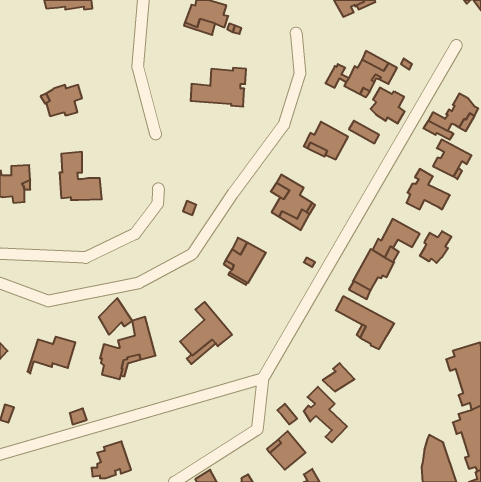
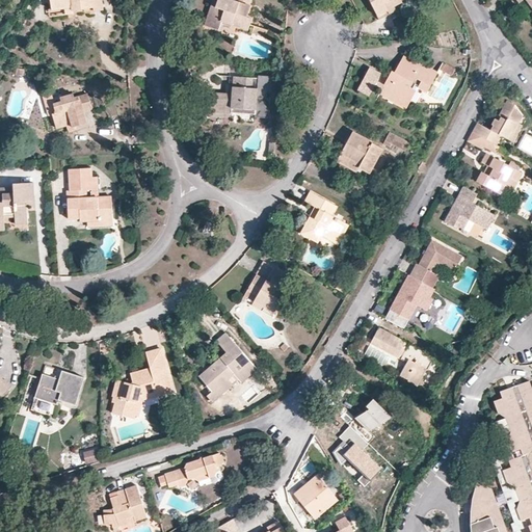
building: [371,87,405,124] -> none
building: [420,231,451,263] -> none
building: [99,298,132,335] -> none
building: none -> [162,452,221,486]

